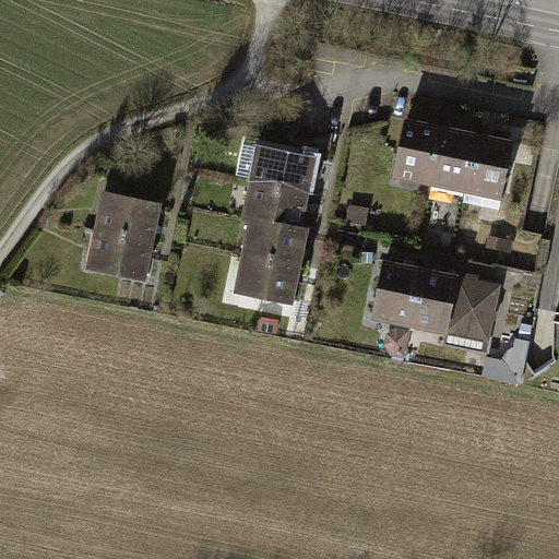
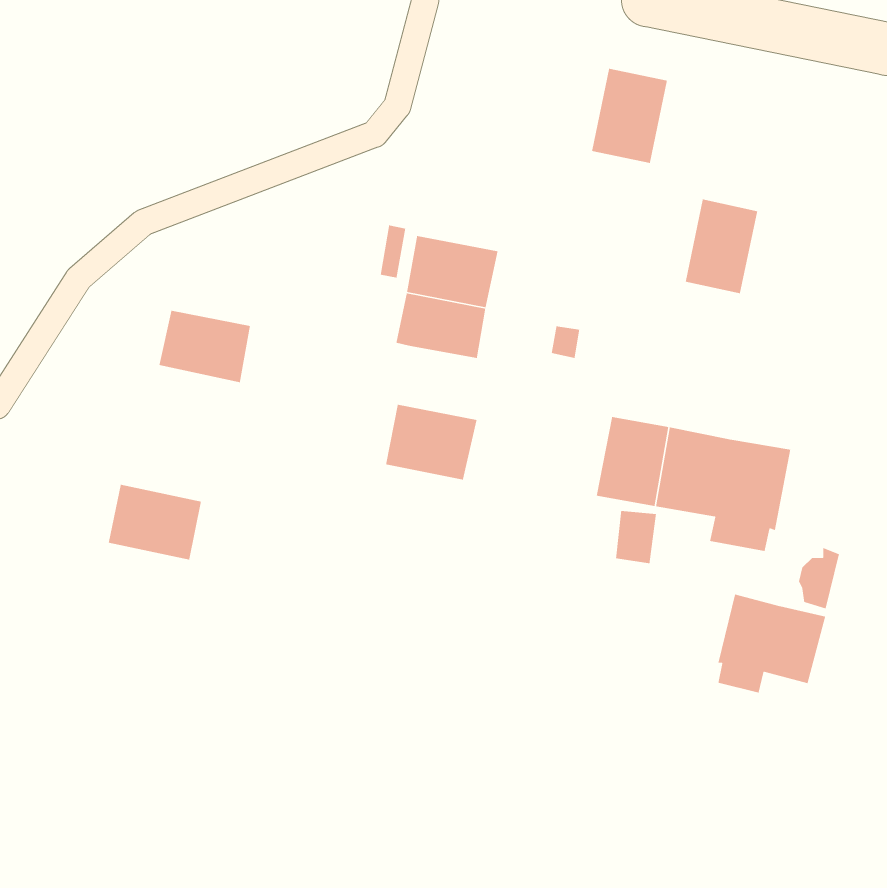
building: [392,118,440,178] -> [591,68,668,164]
building: [461,133,511,210] -> none
building: [249,218,306,264] -> none
building: [92,230,151,278] -> [108,484,202,560]
building: none -> [717,593,826,694]

